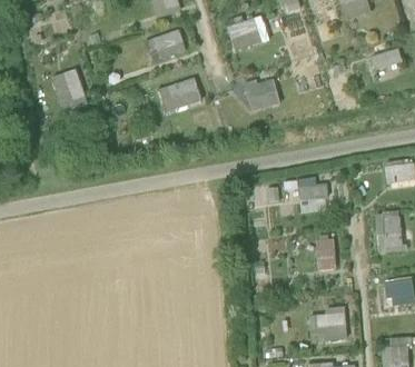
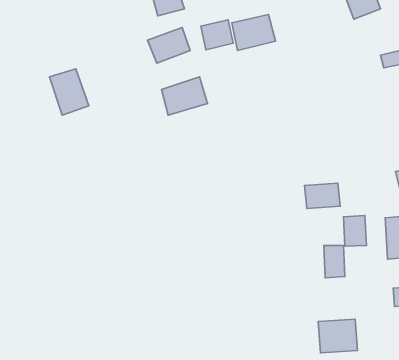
building: none -> [201,20,233,50]
building: [241,77,278,111] -> none
building: none -> [344,215,367,246]

